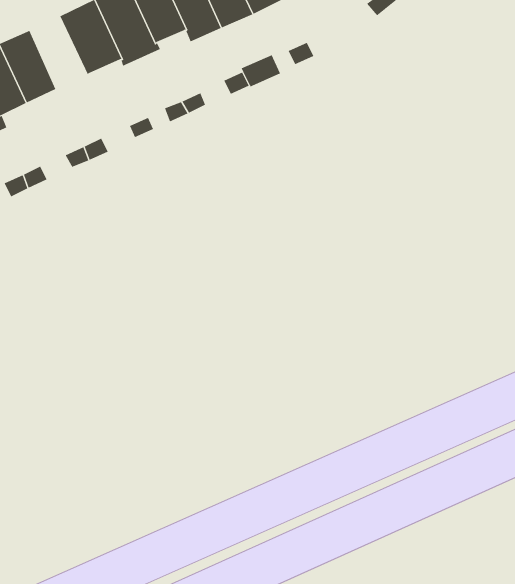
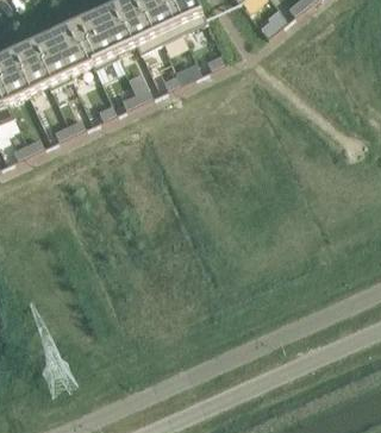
building: none -> [29,32,71,87]

